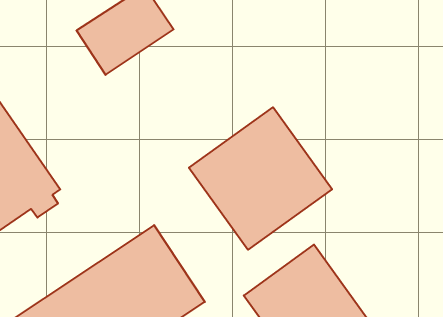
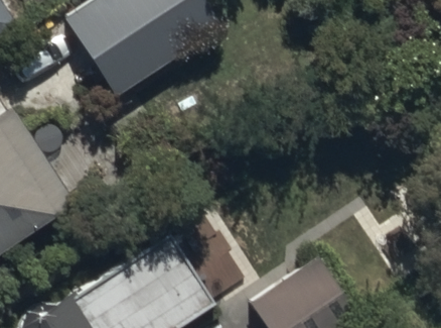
building: [189,107,332,250] -> none

